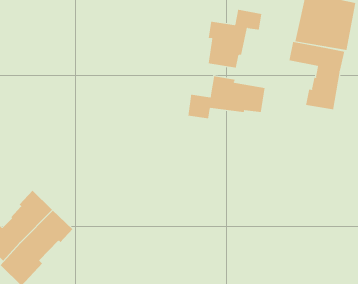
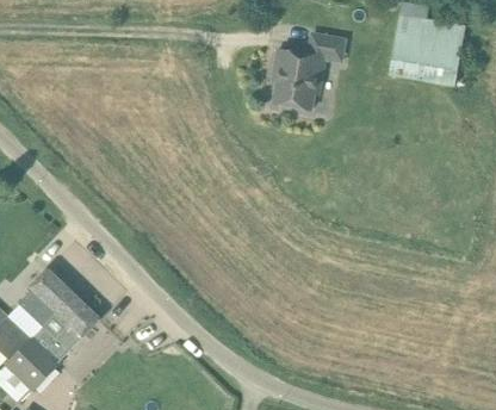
building: [289,41,345,110] -> none
building: [188,75,265,119] -> none

